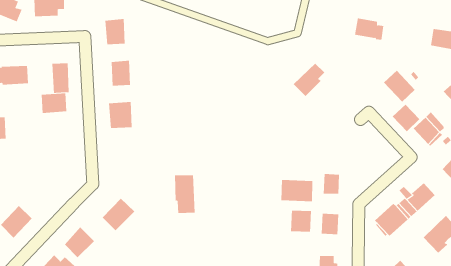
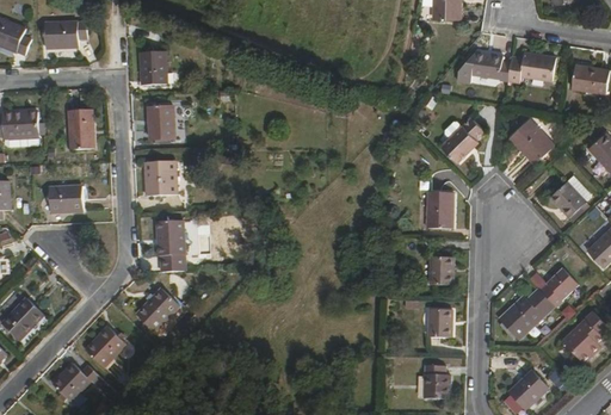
building: none -> [507,51,554,80]
building: [293,63,325,97] -> [439,116,482,161]
building: [41,93,67,113] -> [49,185,84,212]
building: [392,104,420,132] -> none
building: none -> [425,191,451,227]
building: [174,175,196,214] -> [156,221,185,272]
building: [281,179,313,202] -> none
building: [290,210,311,232] -> none

